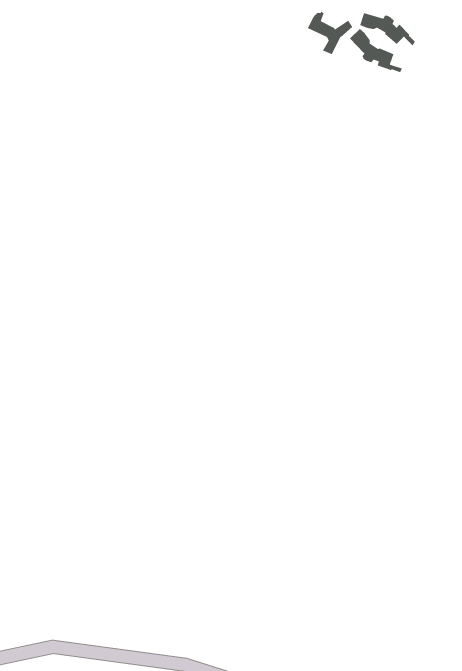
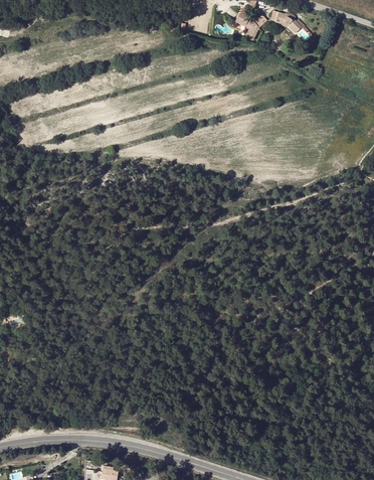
building: [349,28,403,73] -> none

